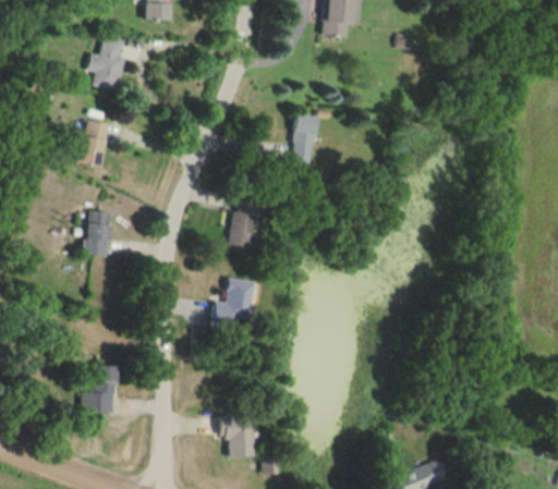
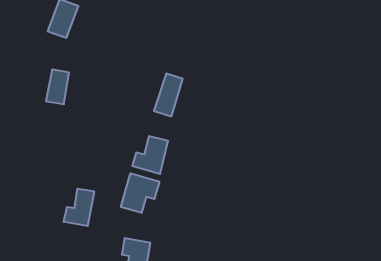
building: [290,112,317,162] -> none
building: none -> [121,173,159,213]
building: [84,366,118,412] -> [63,189,94,226]

